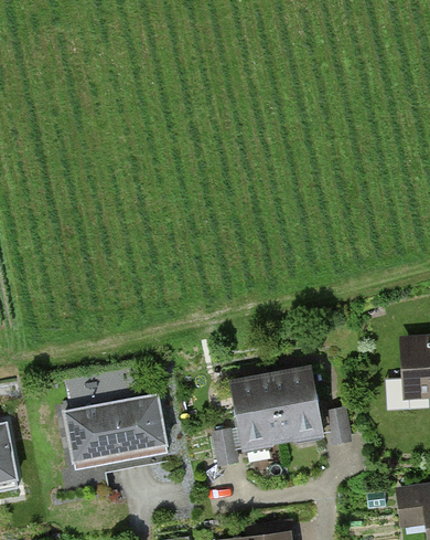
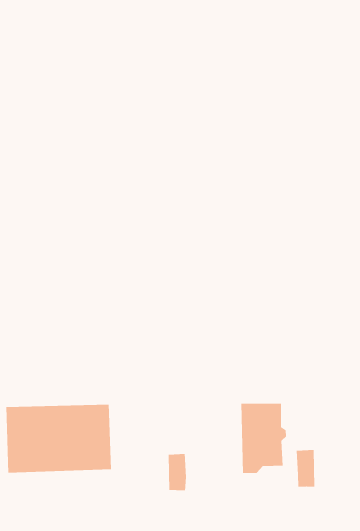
building: [234,377,283,442] -> none

